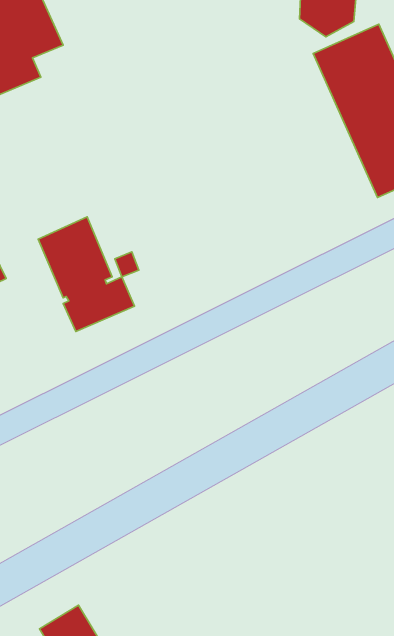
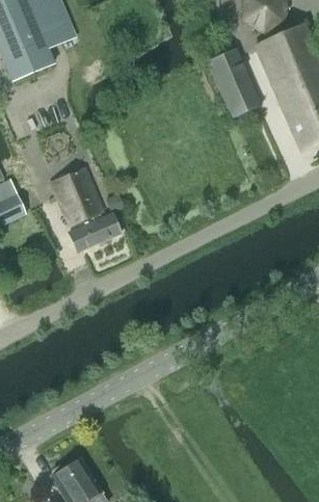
building: none -> [202,34,261,116]

